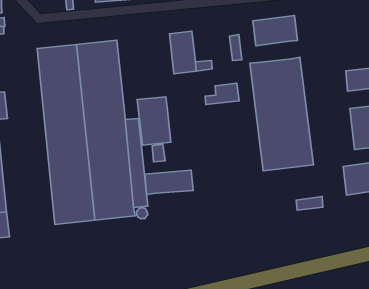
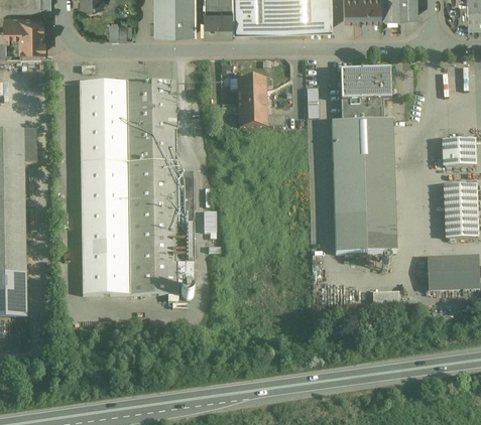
building: [205,83,239,104] -> [341,102,381,124]
building: [137,97,171,145] -> none
building: [145,170,193,194] -> none

